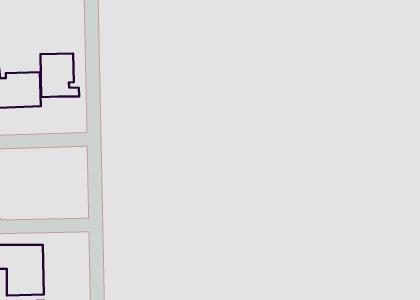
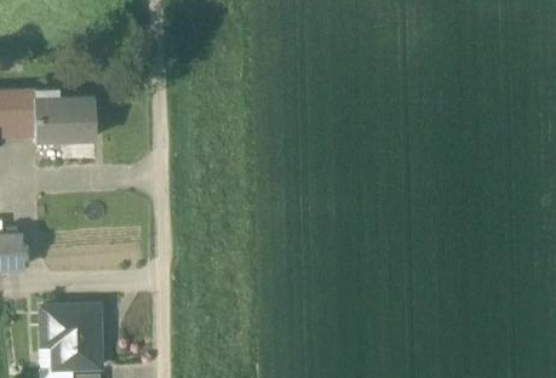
building: [41,53,79,97] -> none

